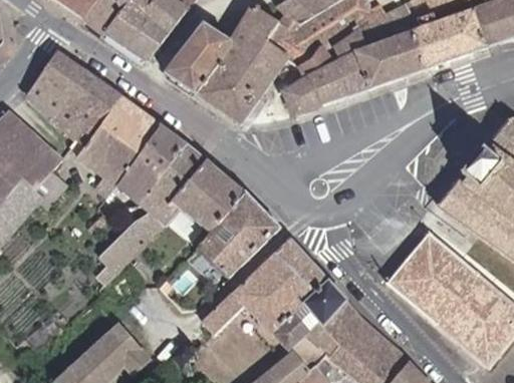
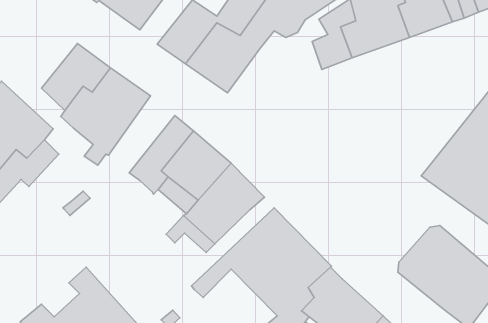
building: [285,48,338,116] -> none
building: [25,50,86,118] -> none
building: [118,126,187,206] -> none
building: [97,214,164,283] -> none
building: [388,234,460,308] -> none

